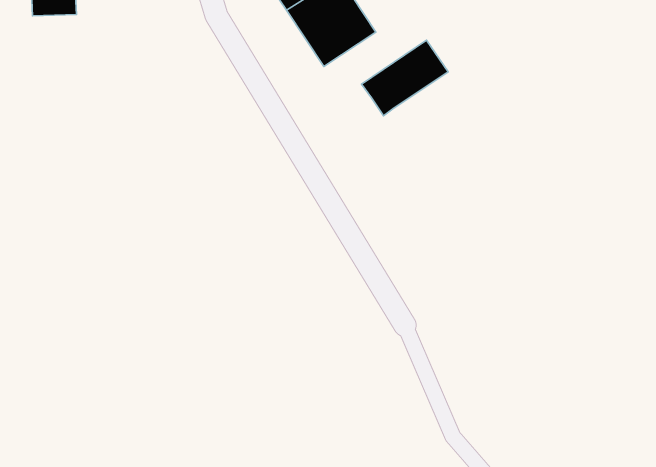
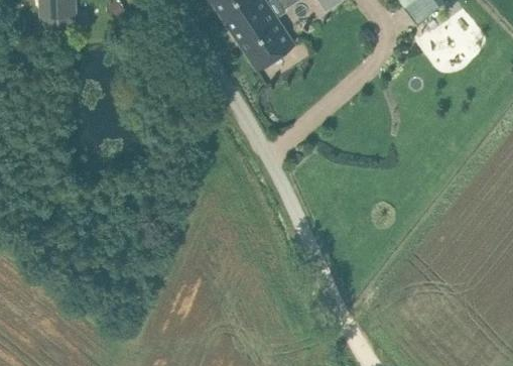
building: [362,40,448,116] -> none

